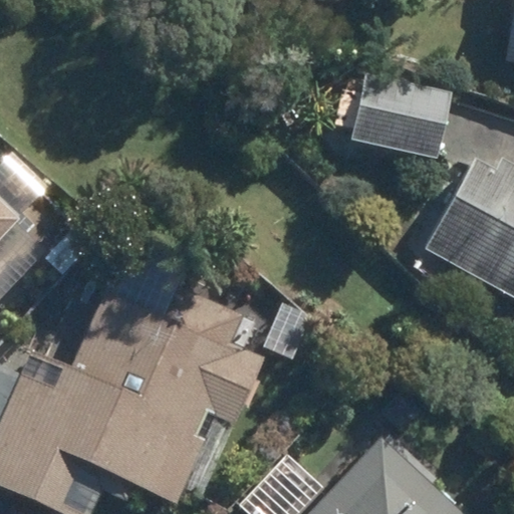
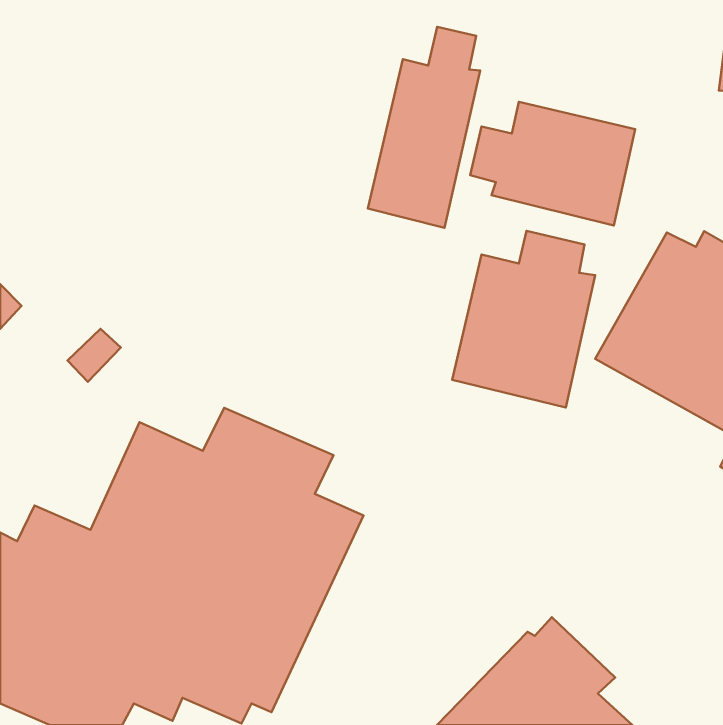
building: none -> [368,27,480,228]
building: none -> [452,231,595,408]

